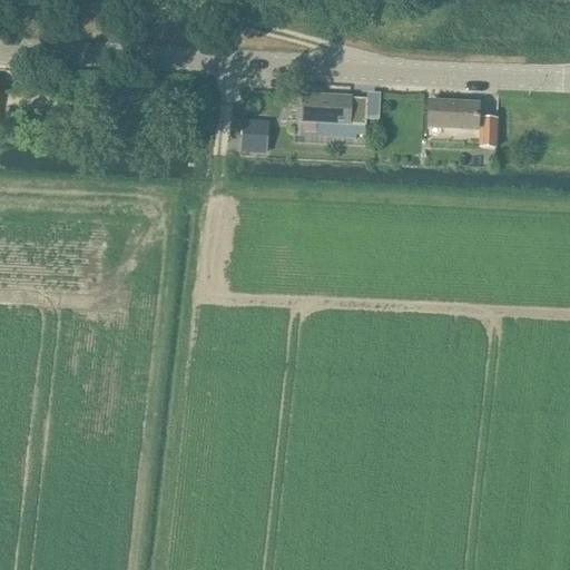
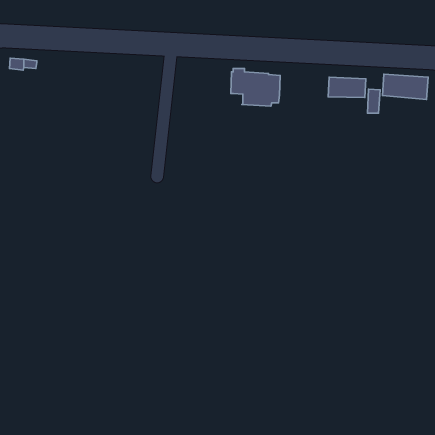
building: none -> [382,74,428,99]
building: [240,118,269,153] -> none

